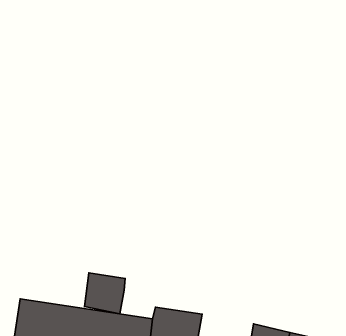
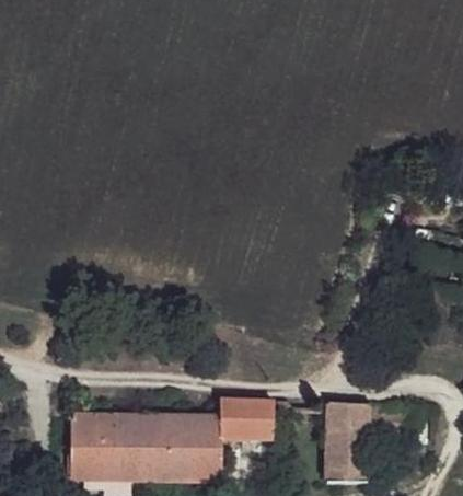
building: [84,273,125,314] -> none

